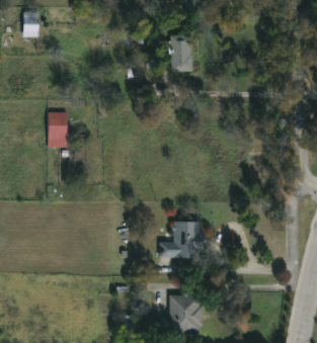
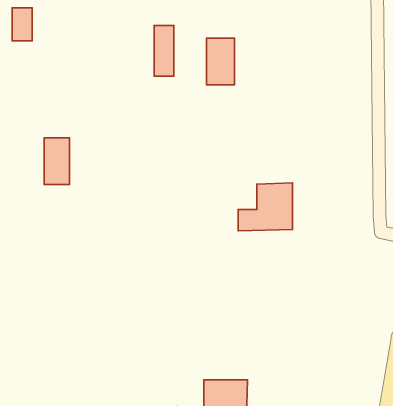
building: none -> [154,25,174,76]
building: [159,222,201,258] -> [238,183,293,231]

